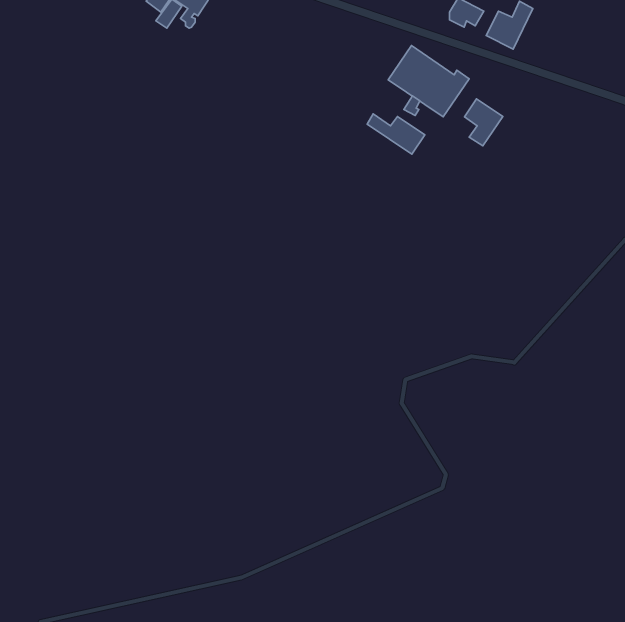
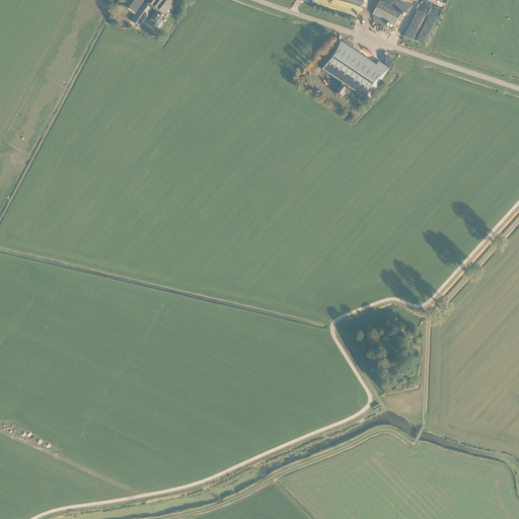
building: [465,99,503,146] -> none
building: [367,114,425,154] -> none

